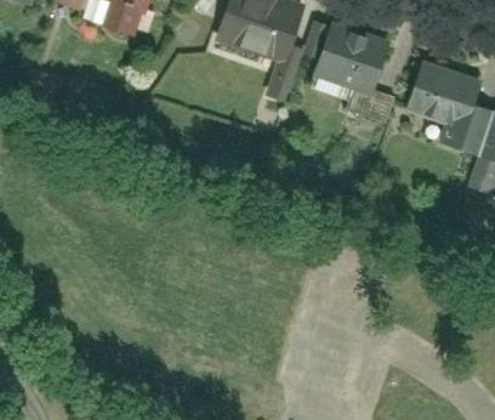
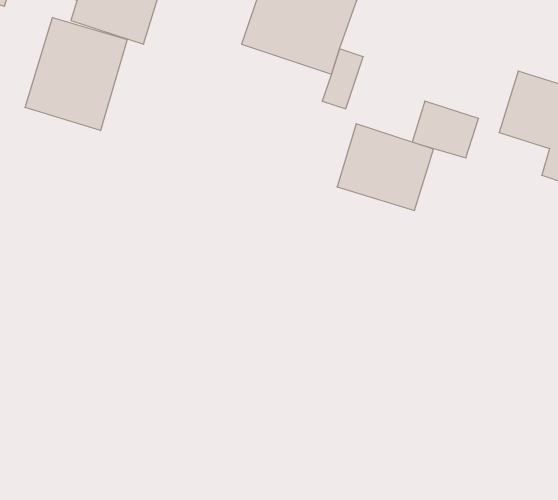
building: none -> [25,17,127,131]
building: [315,22,389,89] -> [337,124,433,211]

